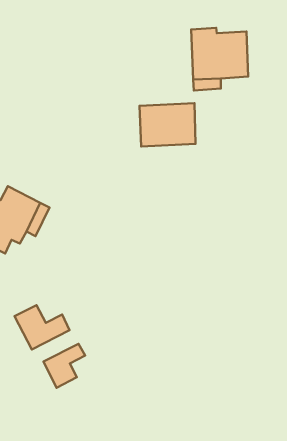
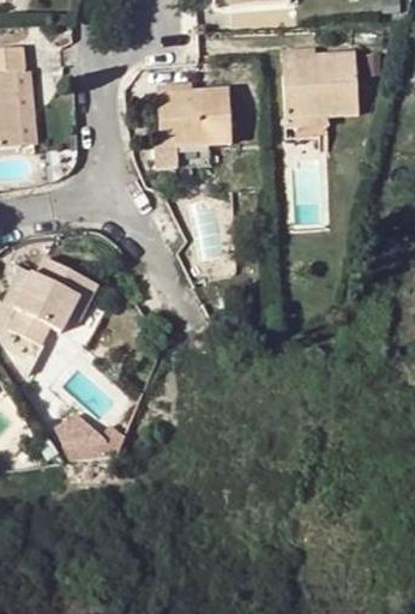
building: [139,103,196,146] -> [157,91,230,148]
building: [44,344,85,388] -> none

